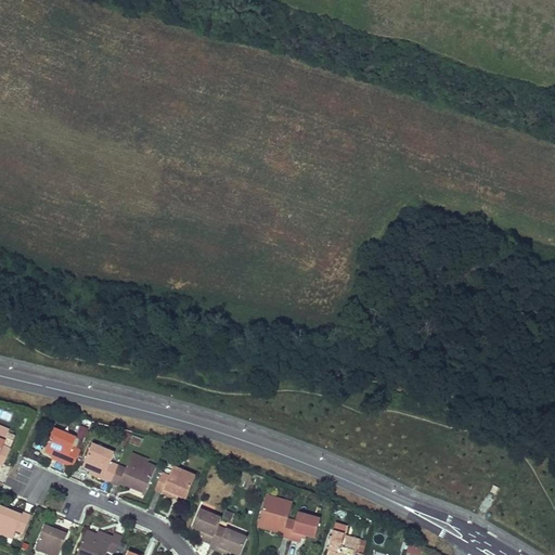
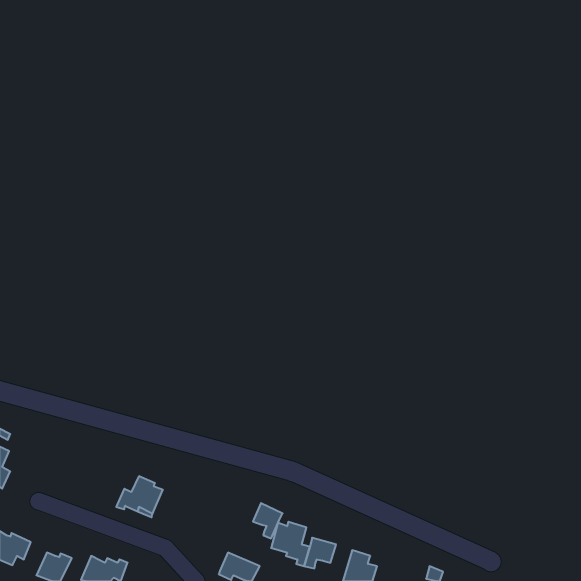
building: [43,429,80,467] -> none
building: [81,443,118,482] -> none
building: [155,465,195,498] -> none
building: [192,509,220,543] -> [253,503,283,538]

